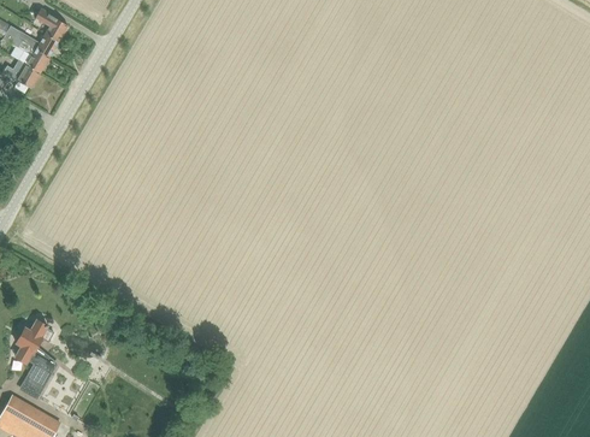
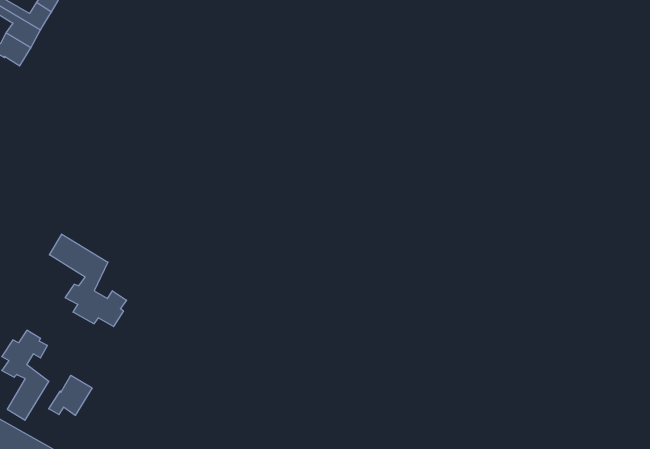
building: none -> [49,234,127,327]
building: none -> [49,375,92,415]

